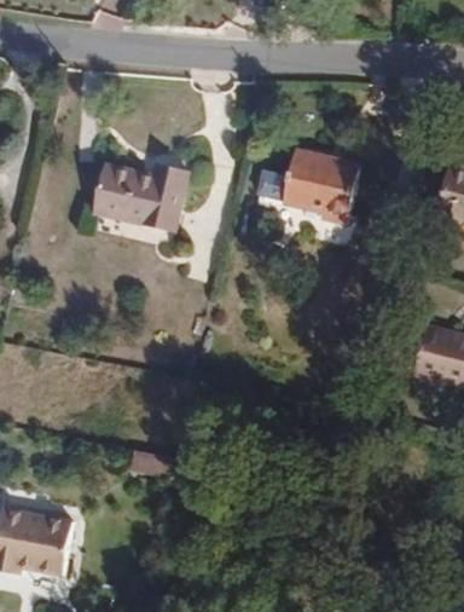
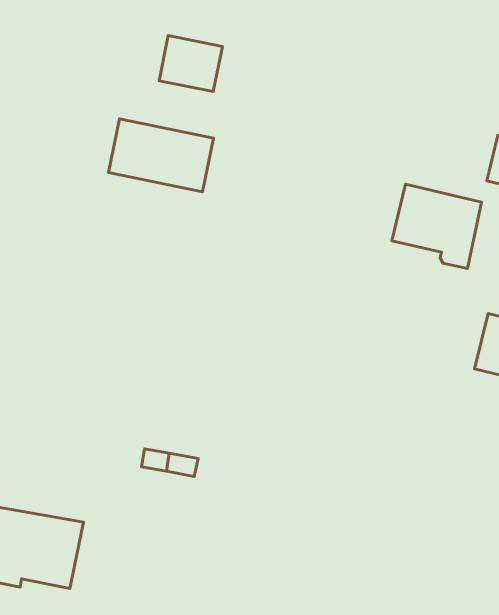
building: none -> [159,35,223,92]
building: [280,146,359,220] -> [392,184,481,269]

